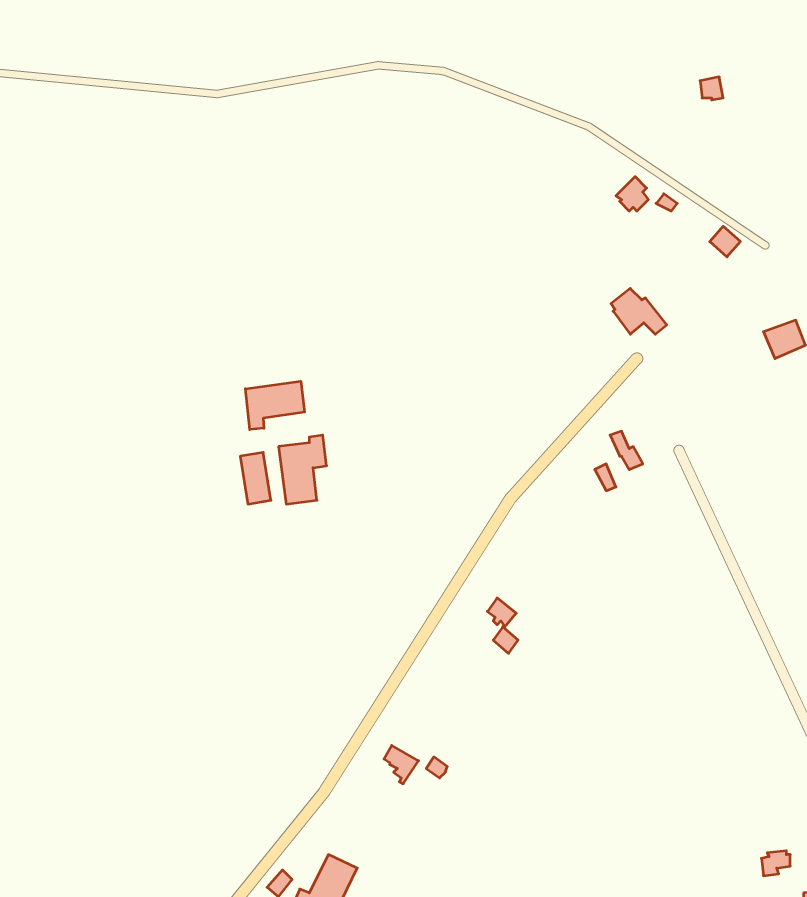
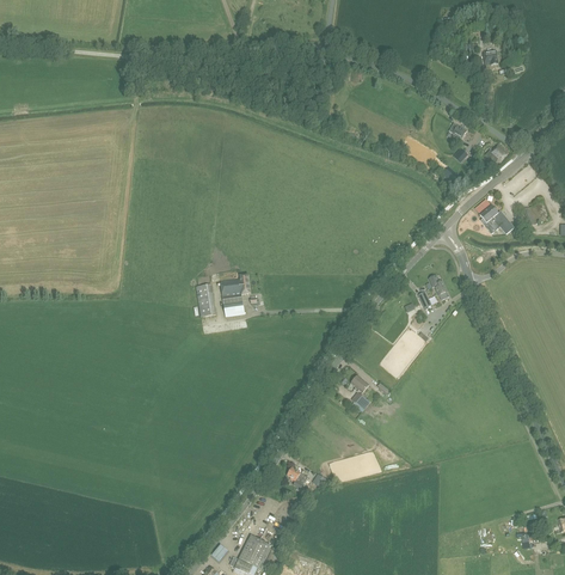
building: [611,288,667,334] -> [479,204,514,233]
building: [245,381,305,430] -> none

